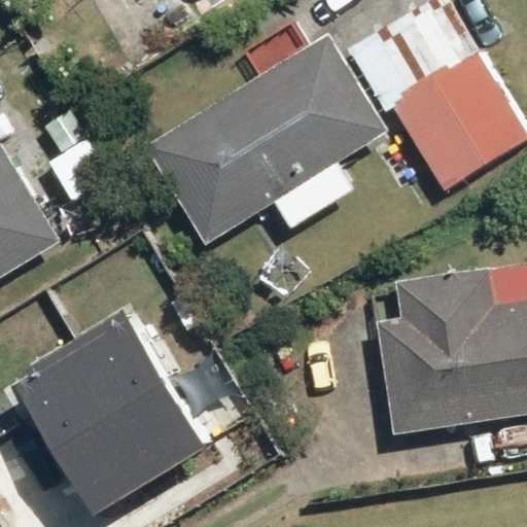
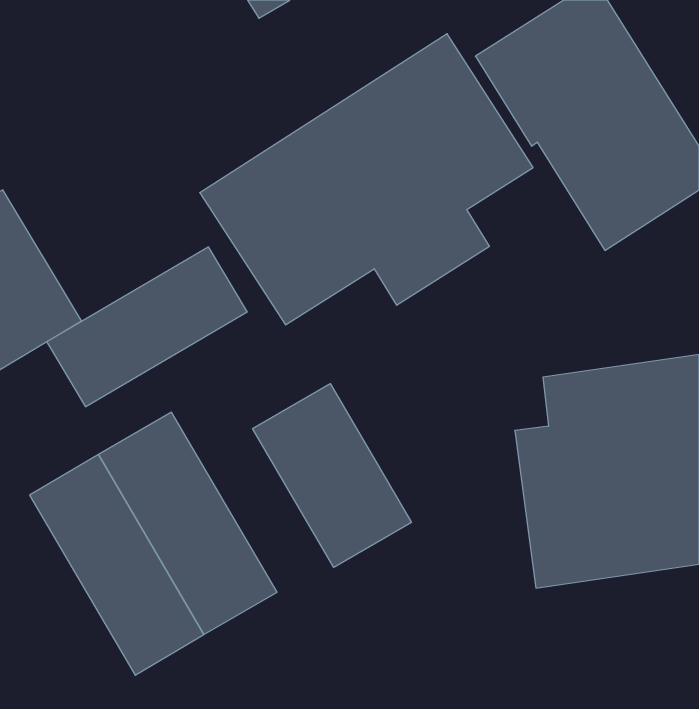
building: none -> [47,247,247,407]
building: none -> [253,384,411,567]

